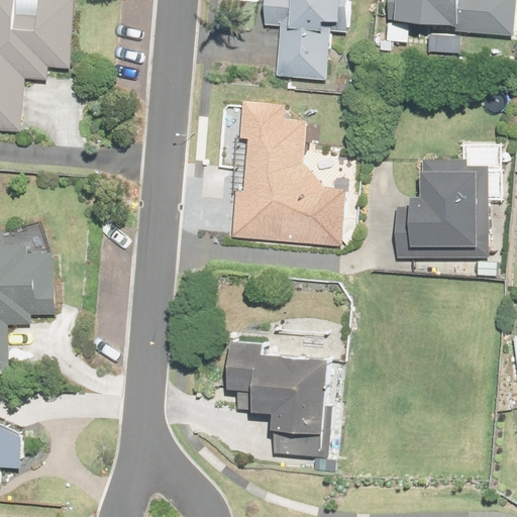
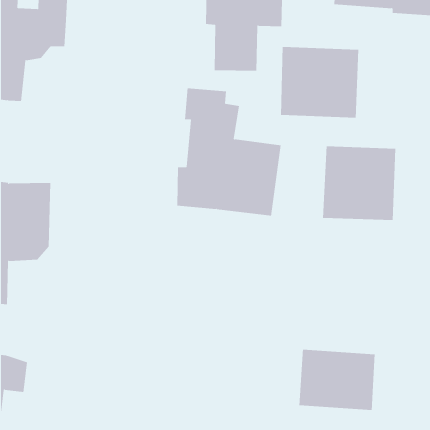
building: none -> [280,46,359,118]
building: [217,350,325,468] -> none
building: none -> [299,349,375,411]

